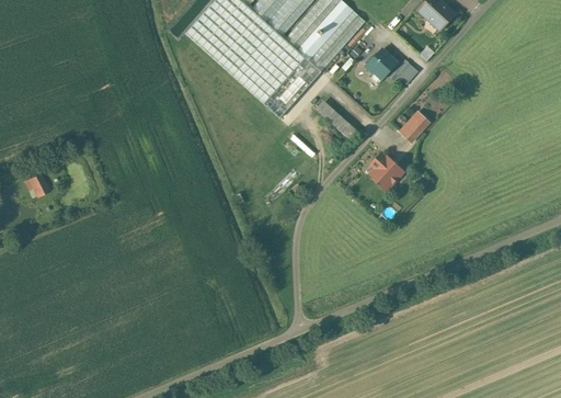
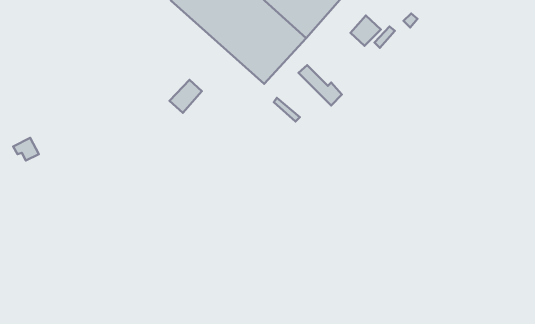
building: [399,110,431,143] -> none
building: none -> [170,80,202,113]
building: [370,152,403,190] -> none

